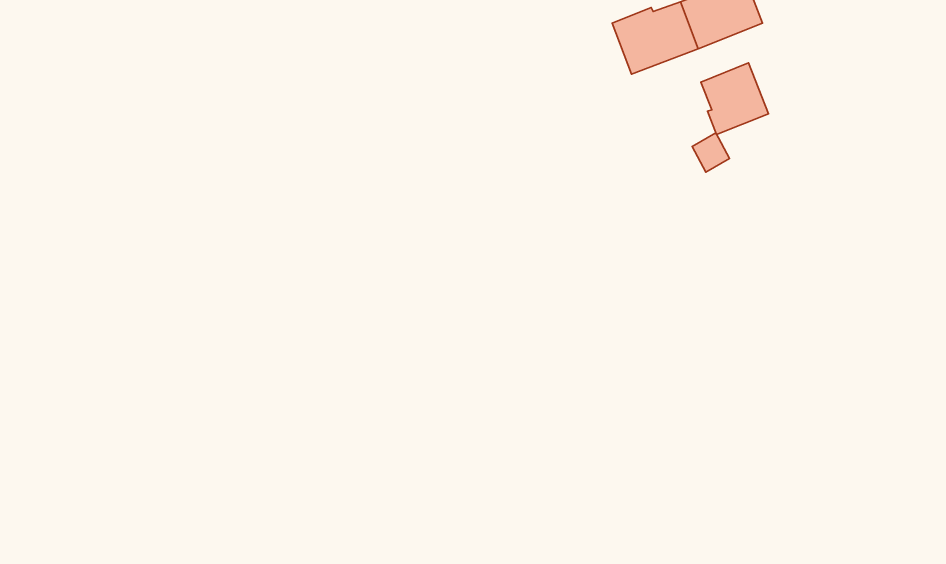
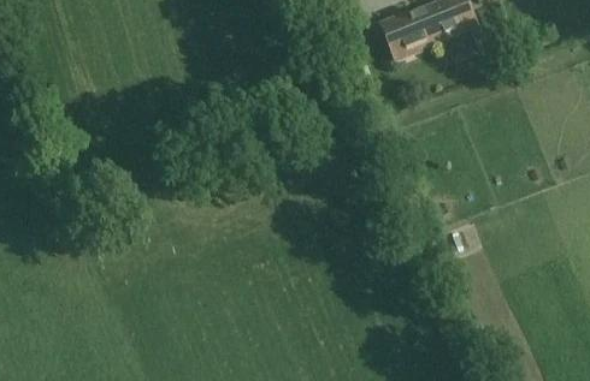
building: [701,63,768,135] -> none

